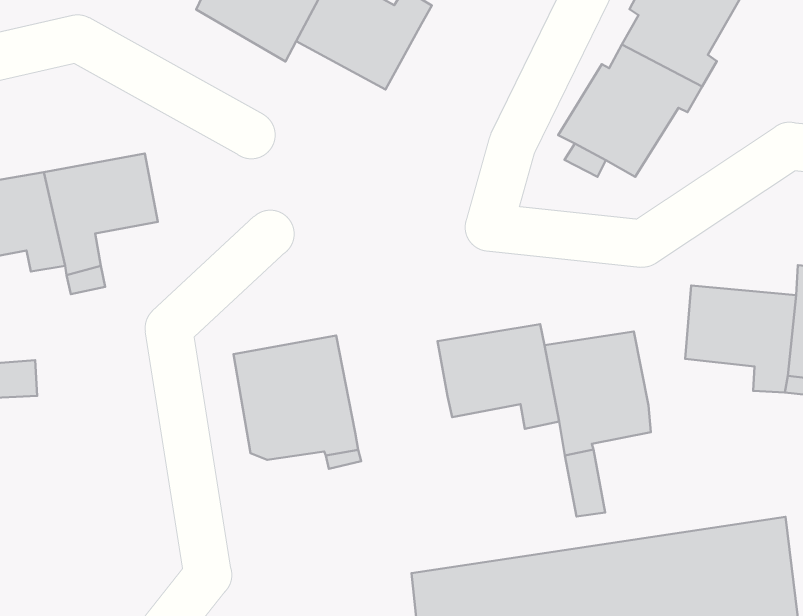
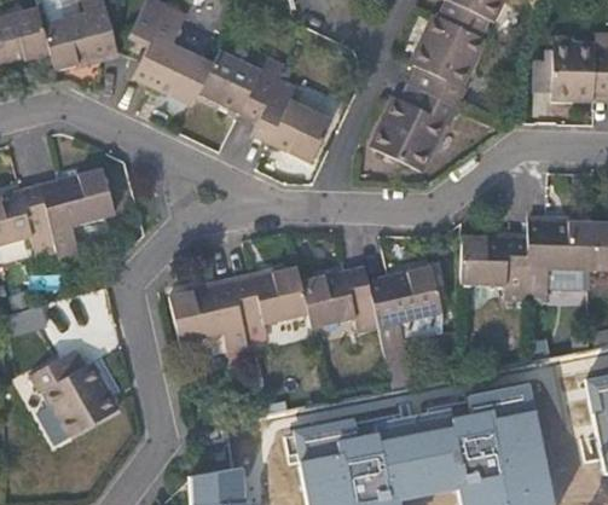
building: none -> [251,77,331,163]
building: none -> [236,266,309,342]
building: none -> [30,344,118,435]

